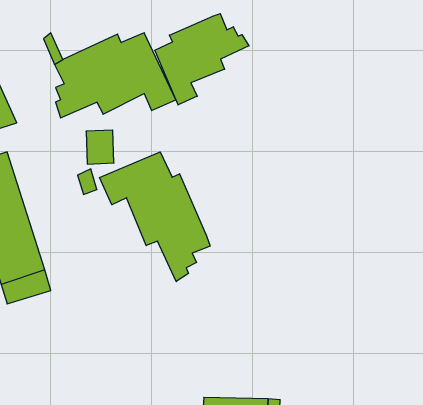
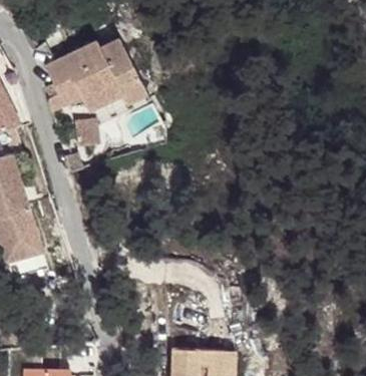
building: [155,14,249,105] -> none
building: [99,152,210,282] -> none

